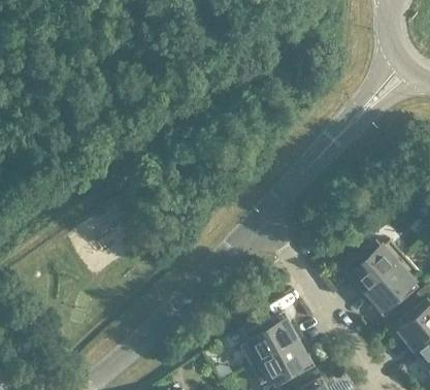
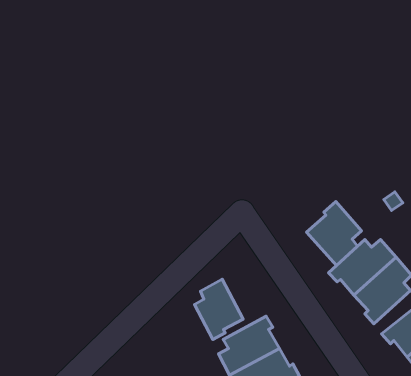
building: none -> [307,201,361,266]
building: none -> [195,279,243,339]

